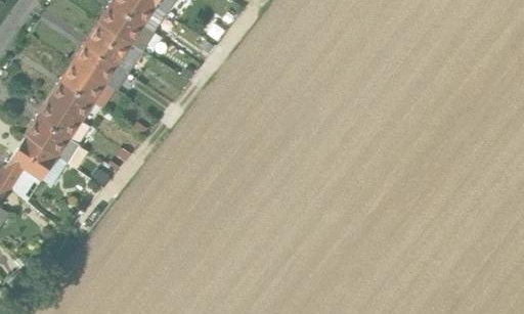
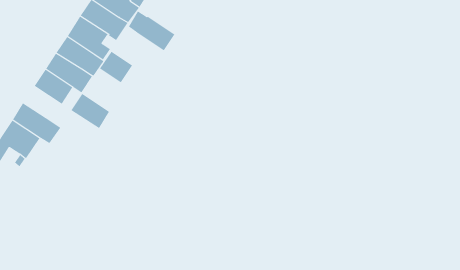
building: none -> [128,11,175,51]
building: none -> [99,51,133,83]
building: [38,99,81,138] -> [70,93,110,129]

